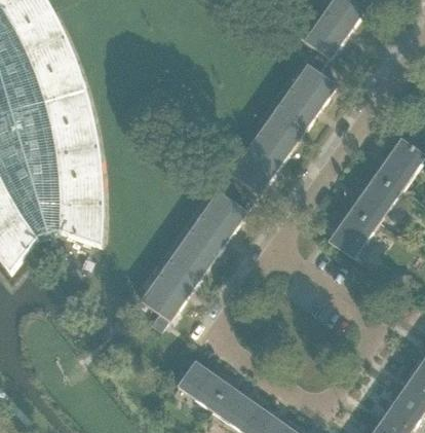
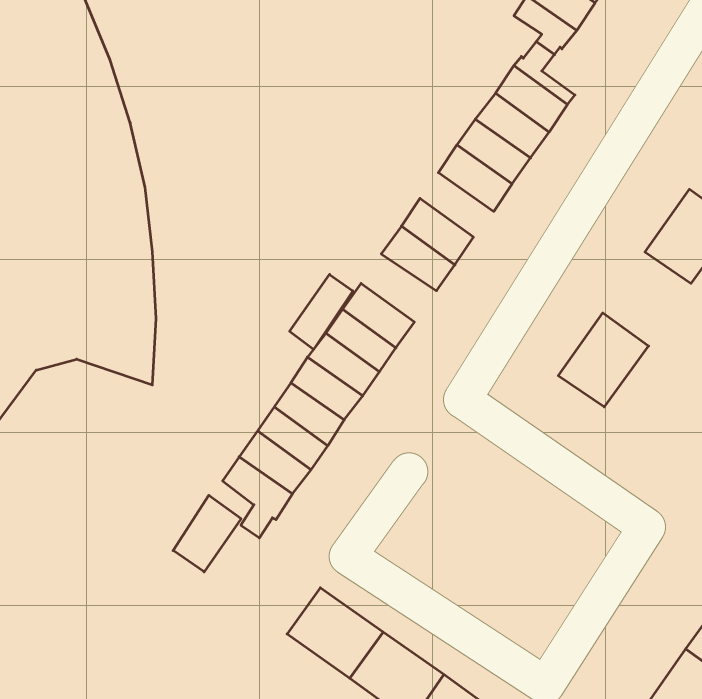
building: [250,128,292,164] -> none
building: [352,172,401,224] -> none
building: none -> [290,274,353,349]
building: none -> [173,495,241,572]

